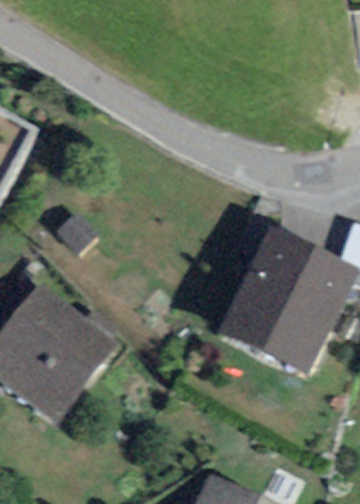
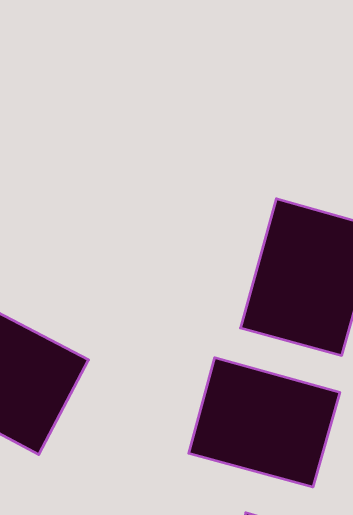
building: none -> [189,358,340,487]

